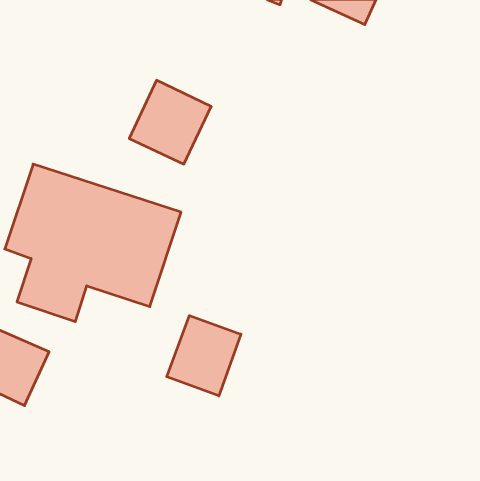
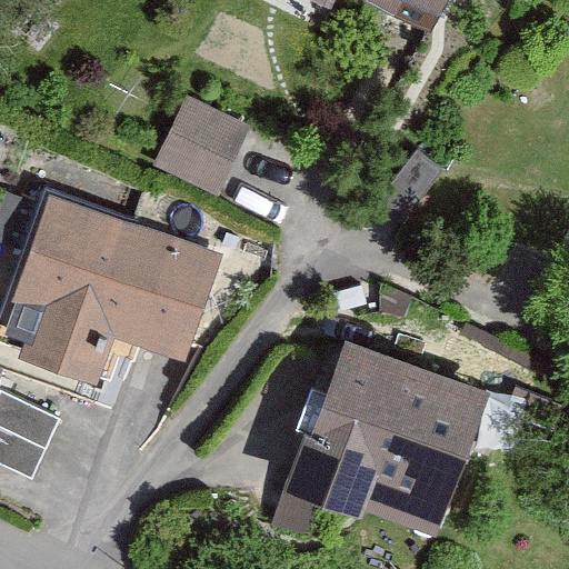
building: none -> [301,347,497,518]
building: [167,316,241,396] -> none

